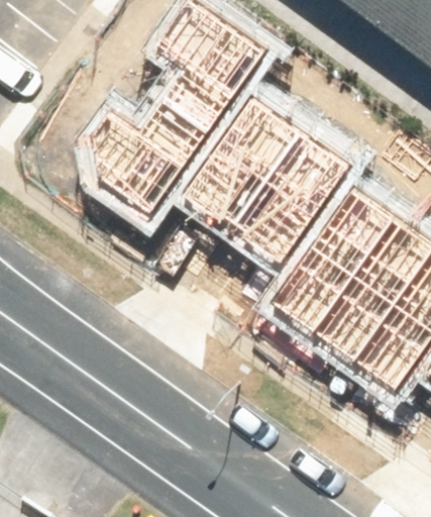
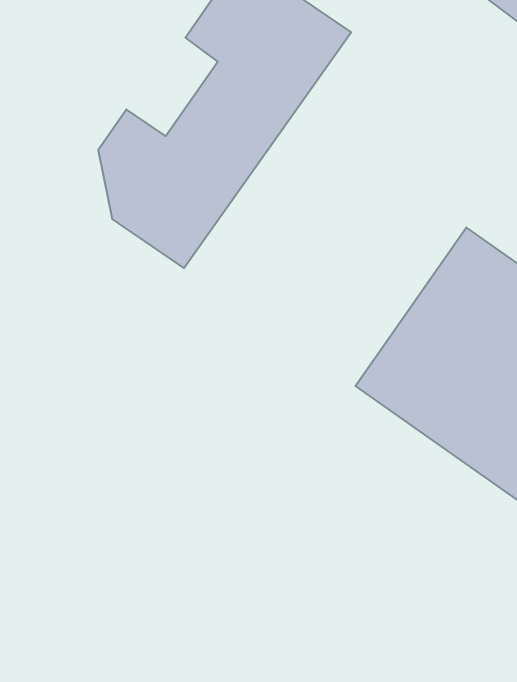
building: [188,101,346,262] -> none

